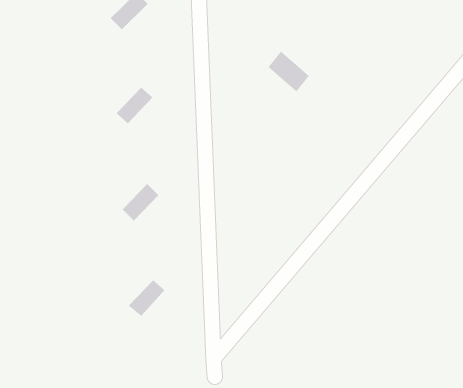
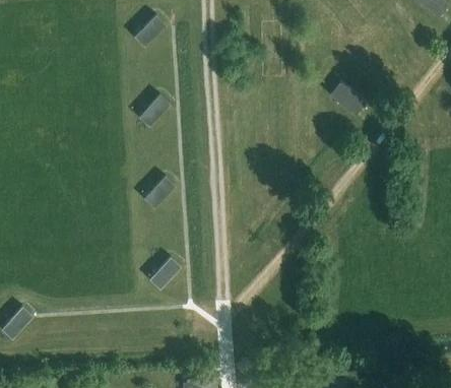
building: [268,50,310,93] -> [328,81,364,117]

